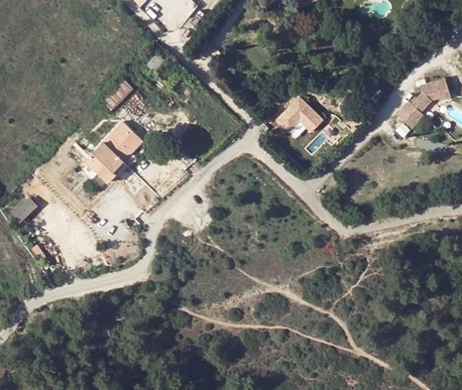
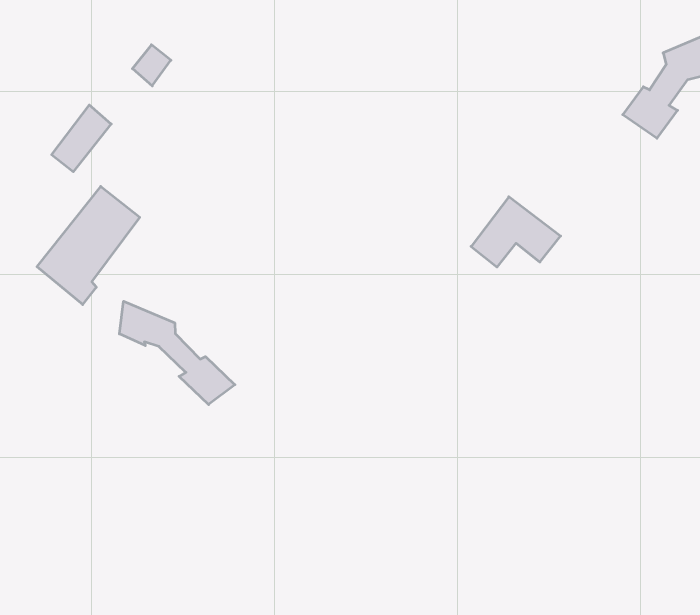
building: [276,95,323,130] -> [471,197,561,267]
building: none -> [119,301,235,405]

